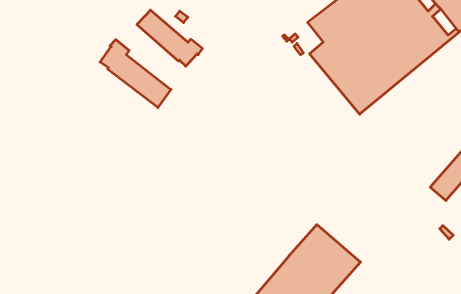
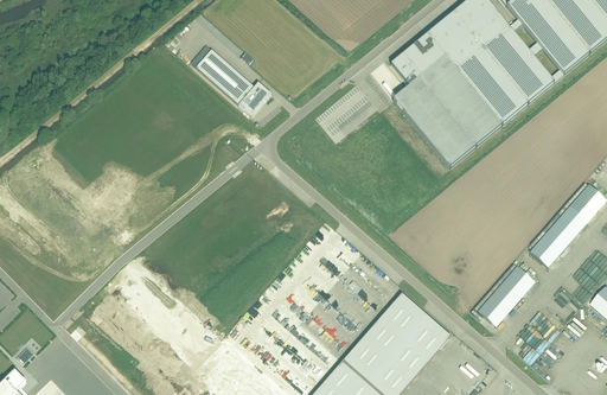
building: [100,40,171,108] -> none
building: none -> [478,265,535,326]

